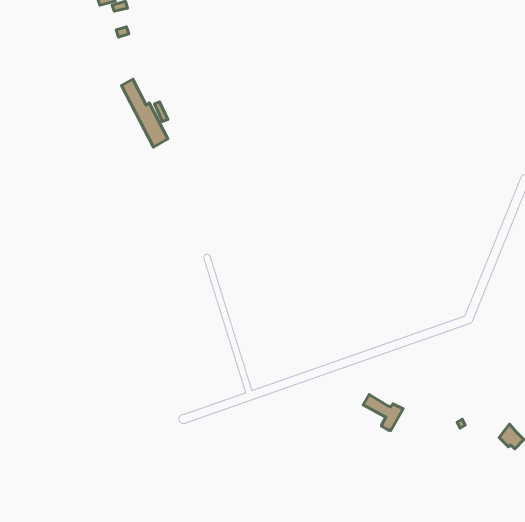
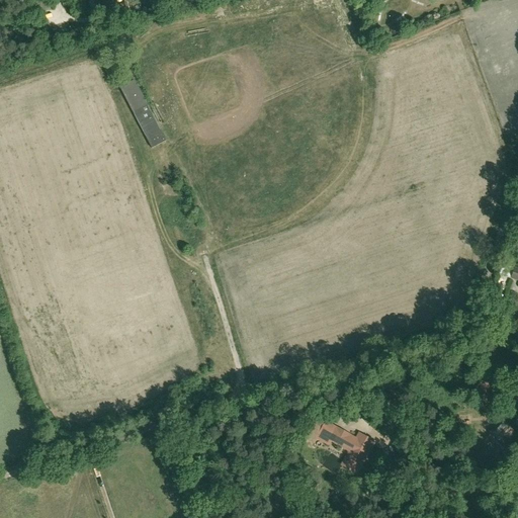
building: [363,394,403,430] -> [330,425,369,460]

